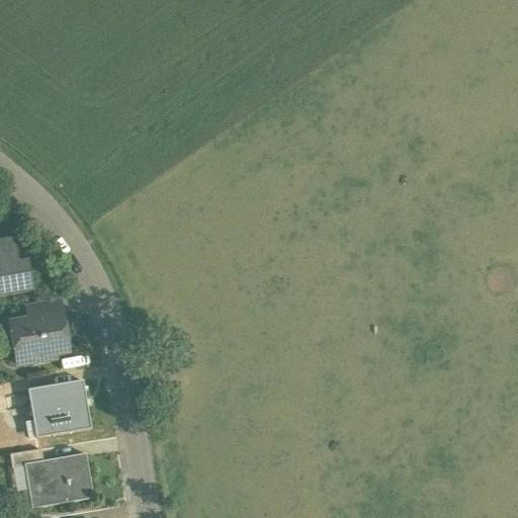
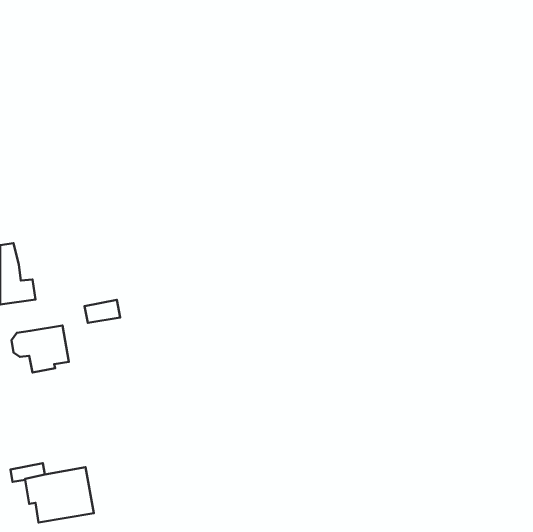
building: [26,298,61,321] -> [85,300,120,323]
building: [28,380,89,436] -> none

